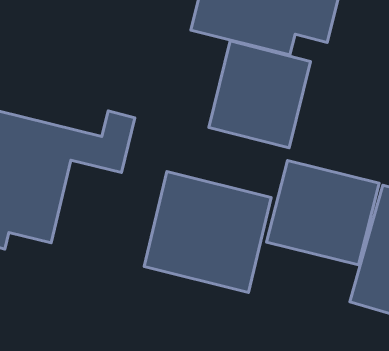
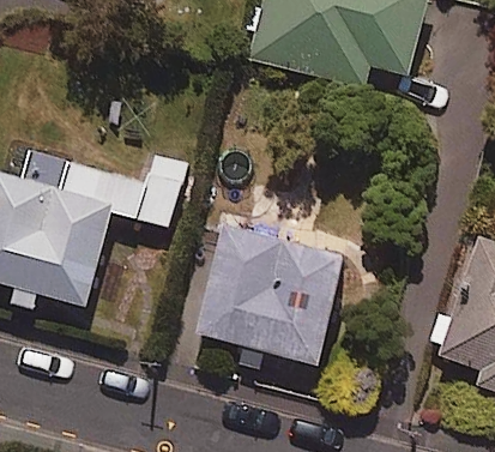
building: [209,41,310,148] -> none
building: [267,160,379,265] -> none

